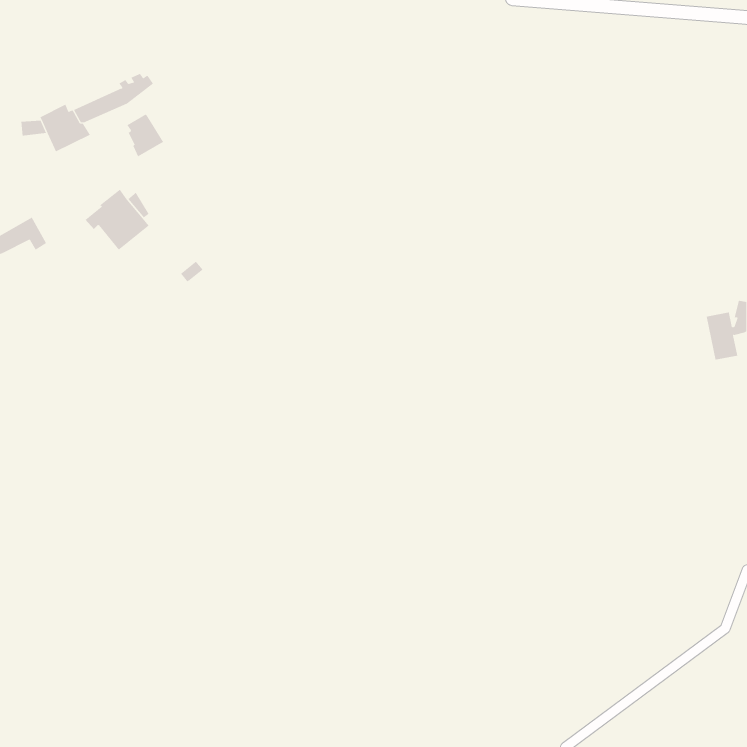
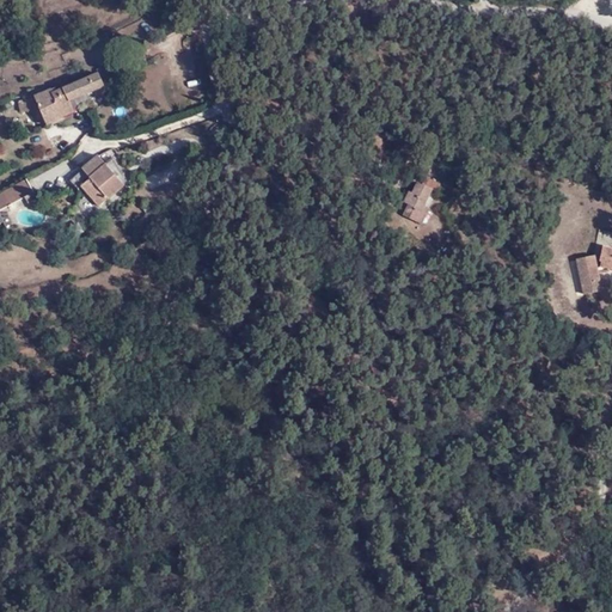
building: [127,113,164,157] -> none
building: none -> [402,176,440,224]

